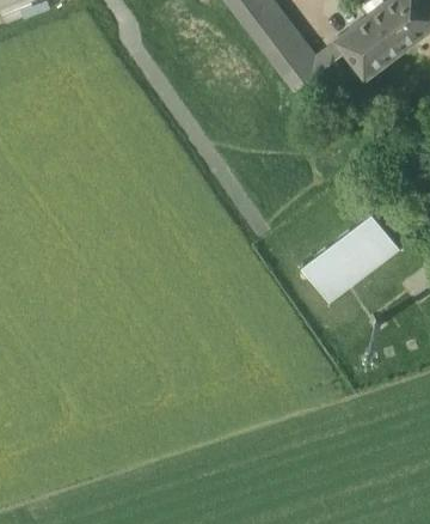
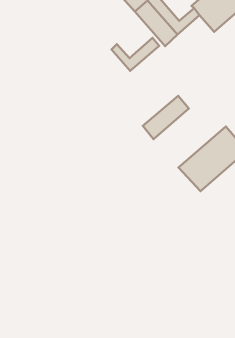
building: none -> [112,38,159,71]
building: none -> [143,96,189,139]

